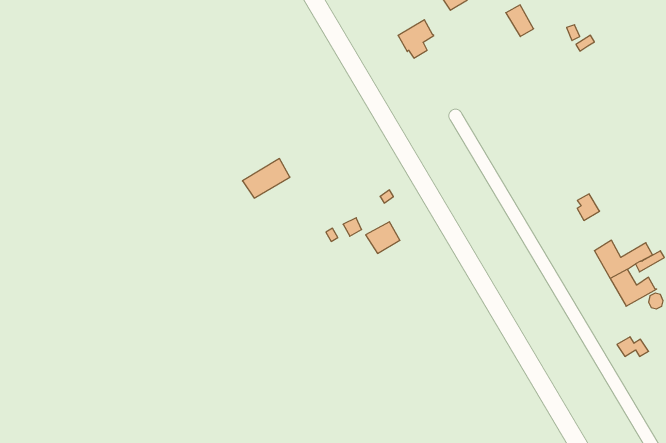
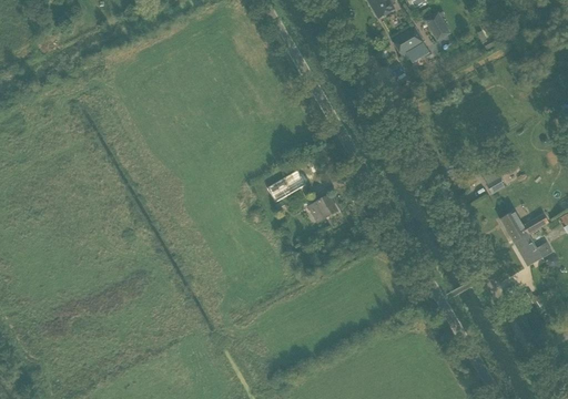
building: [398,20,434,58] -> [394,29,424,61]
building: [242,159,290,198] -> [266,167,306,201]

